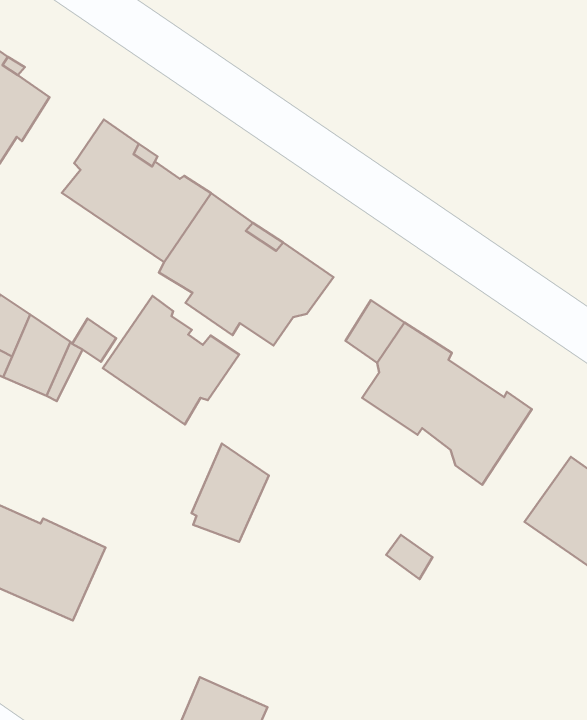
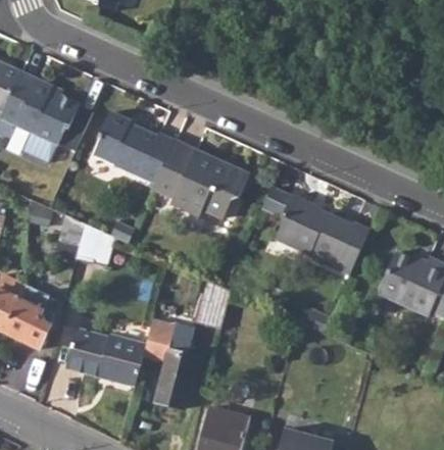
building: [103,296,239,425] -> none
building: none -> [146,321,197,410]

